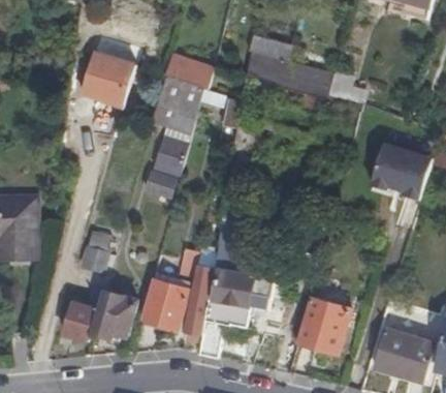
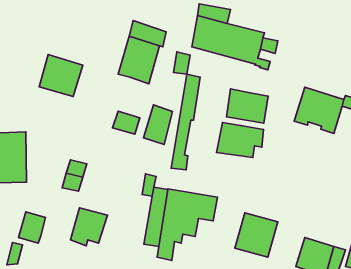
building: [81,52,135,104] -> [39,54,83,97]
building: [154,127,190,177] -> [144,105,172,144]
building: none -> [226,89,268,123]
building: none -> [217,122,263,158]
building: [145,278,190,328] -> none
building: [64,301,98,340] -> [18,212,46,243]

